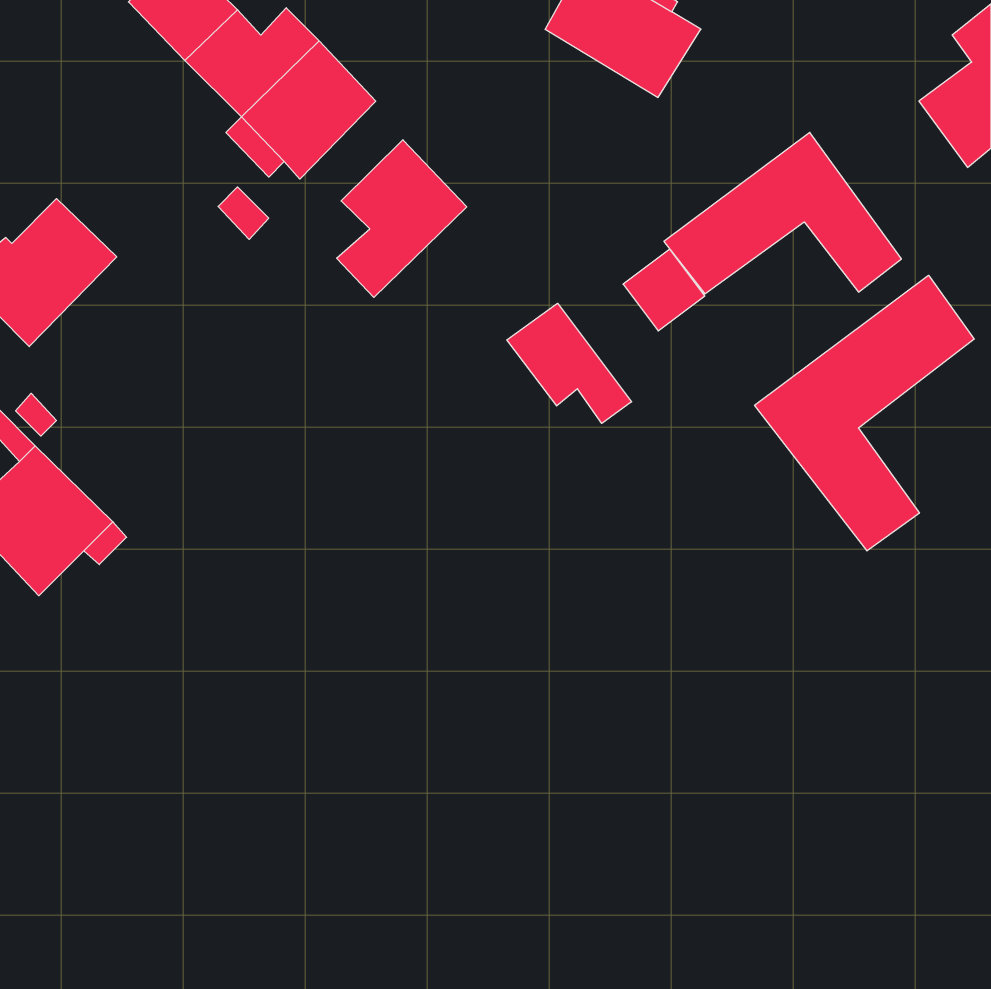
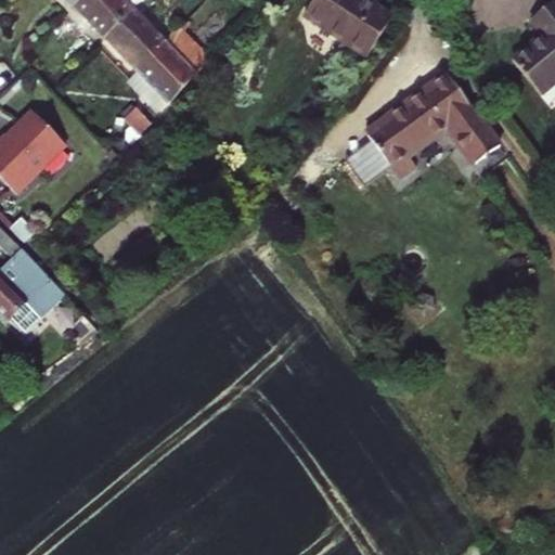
building: [337,140,467,297] -> none
building: [755,275,974,551] -> none
building: [507,303,632,423] -> none

